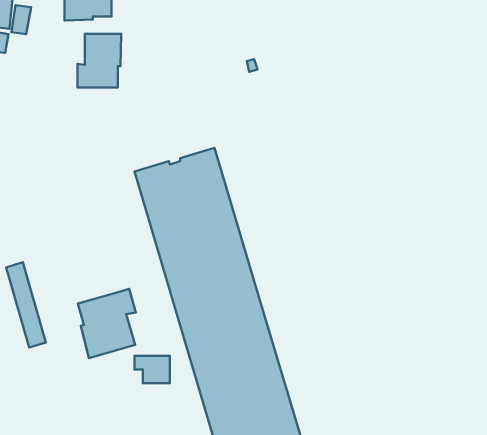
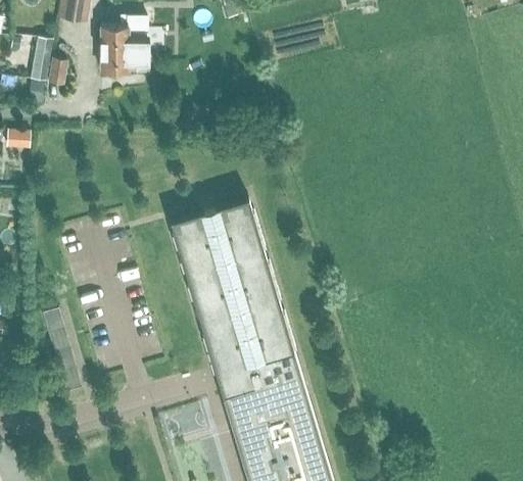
building: [77,34,121,87] -> none
building: [78,289,136,358] -> none

